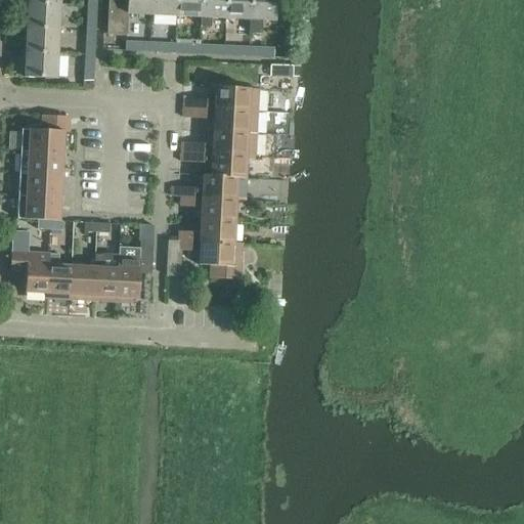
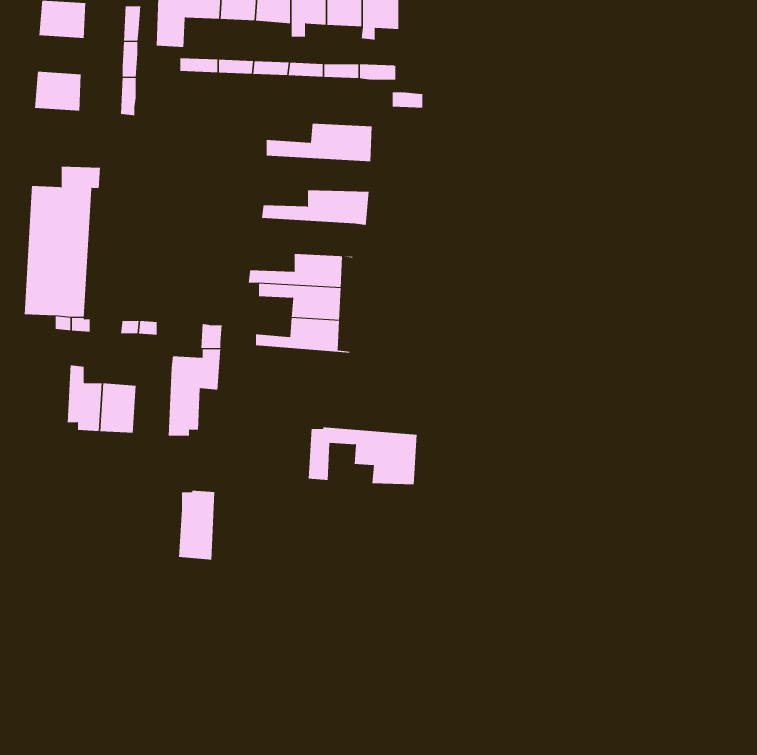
building: [27,25,59,51] -> none
building: [183,107,257,132] -> none
building: [181,150,246,177] -> none
building: [11,229,49,292] -> none
building: [167,238,243,278] -> [308,427,418,485]
building: [93,253,119,301] -> [178,490,215,560]

